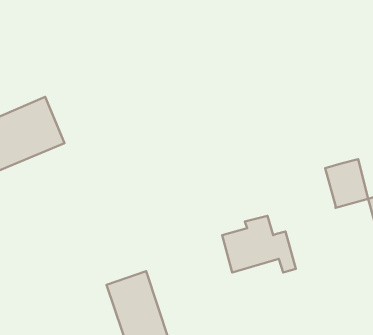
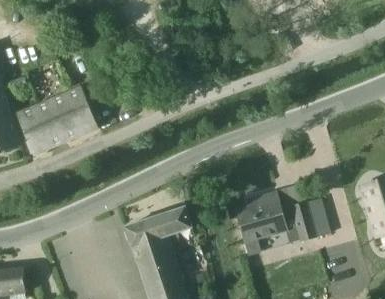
building: [325,159,368,208] -> [291,198,329,241]
building: none -> [125,207,191,253]

